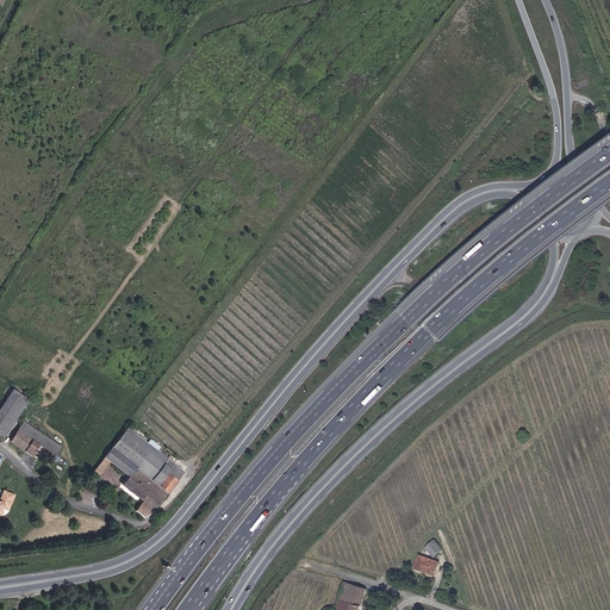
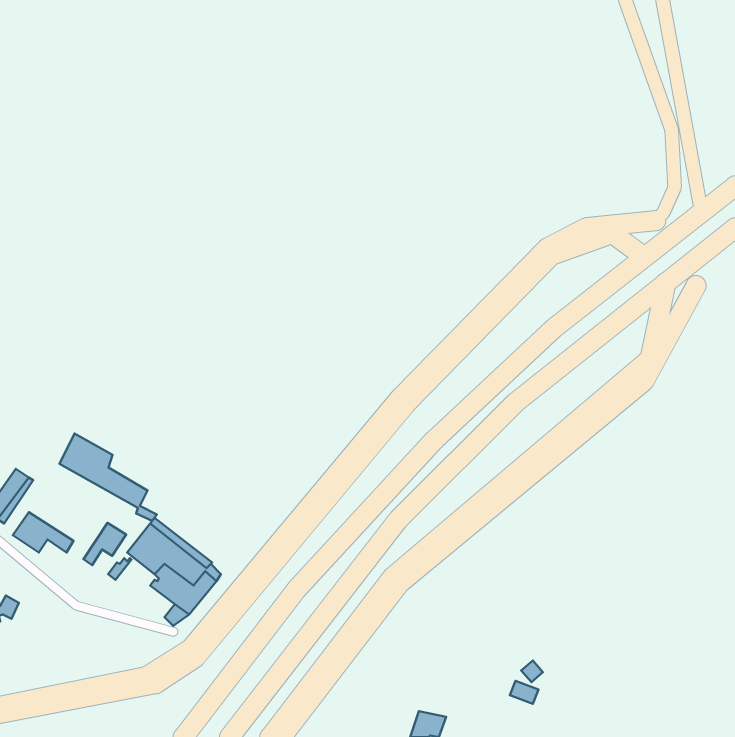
building: none -> [60,433,157,521]
building: none -> [83,523,126,565]

